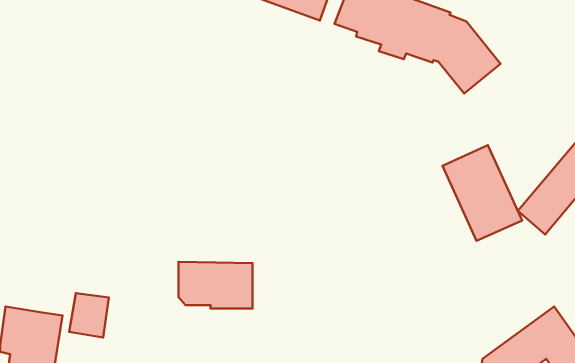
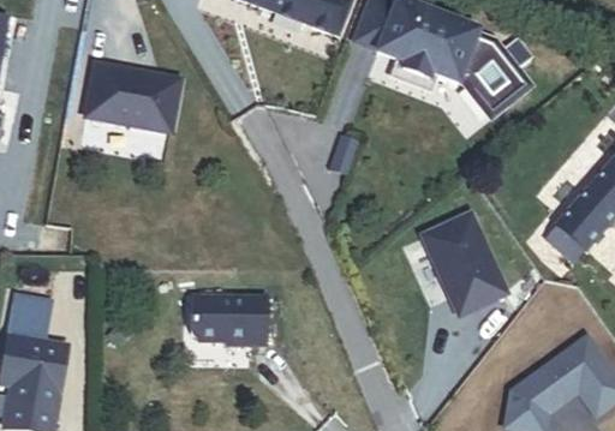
building: none -> [83,68,177,136]
building: [442,145,522,241] -> [423,214,507,315]
building: [69,293,109,337] -> [6,295,48,342]

